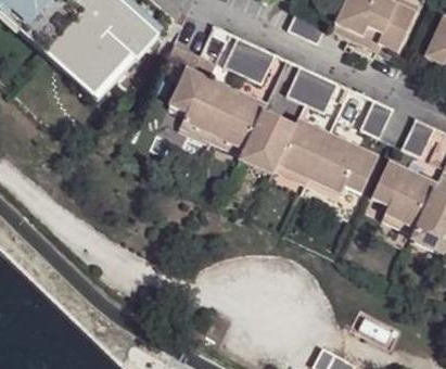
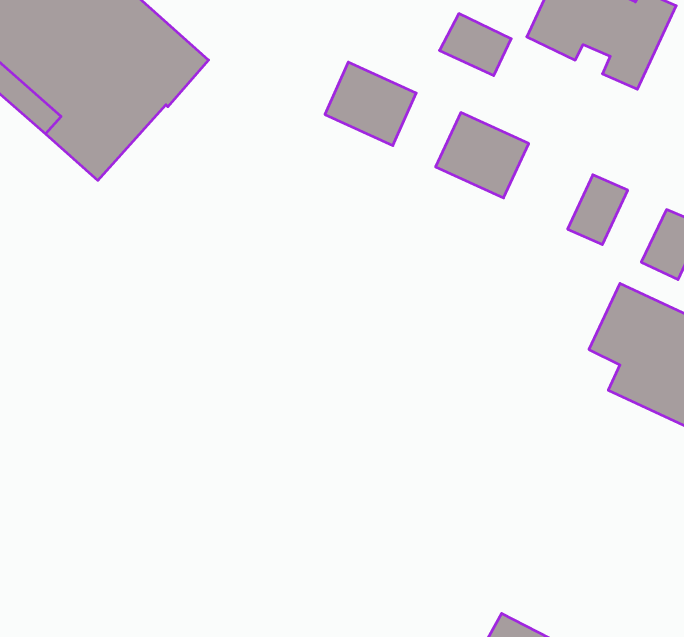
building: [171,67,379,199] -> none

